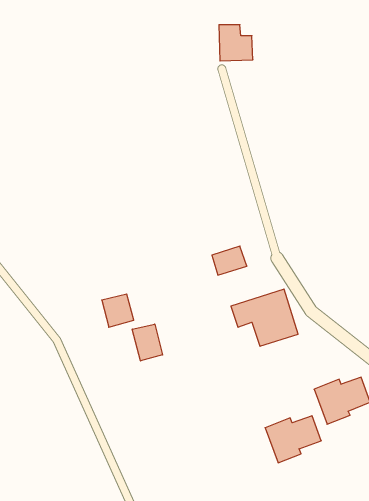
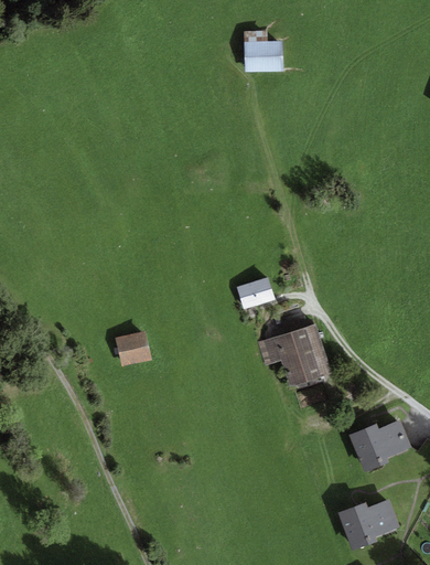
building: [132,324,163,361] -> none
building: [265,416,321,463] -> [338,499,400,551]

